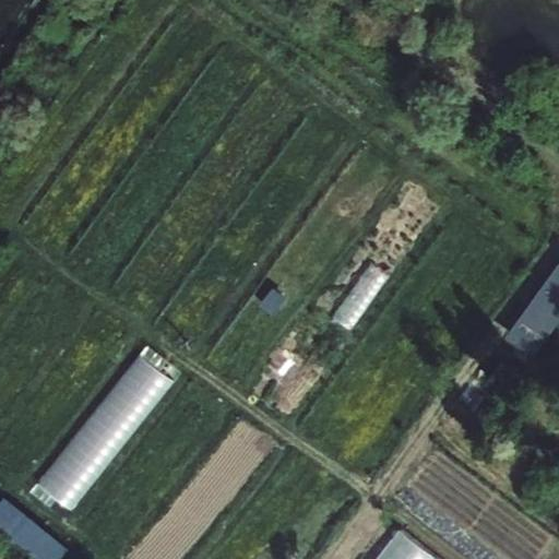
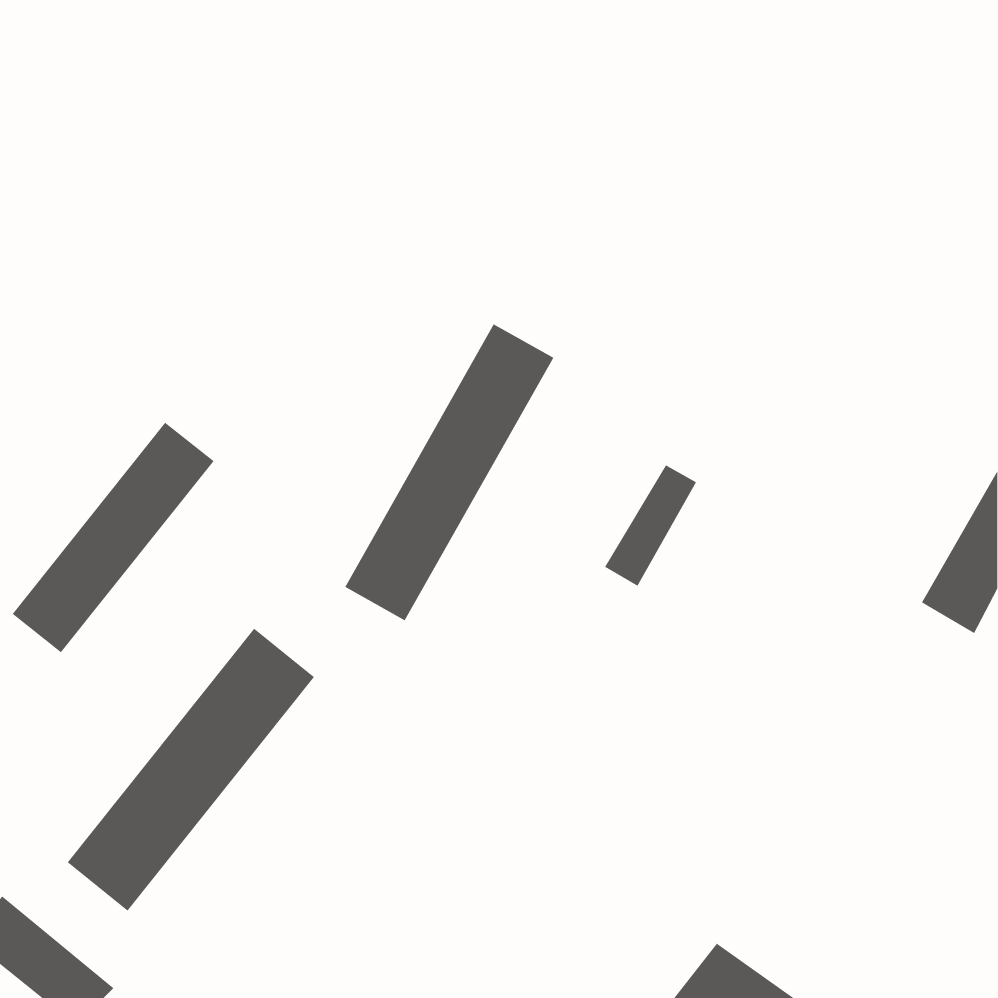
building: none -> [344,324,554,621]
building: none -> [12,422,214,653]

